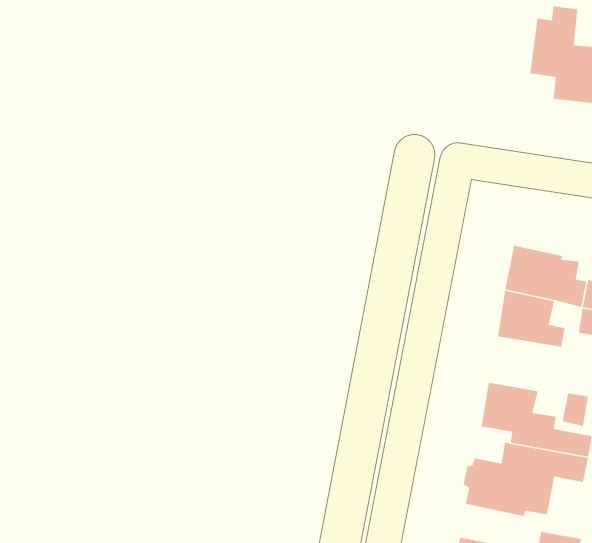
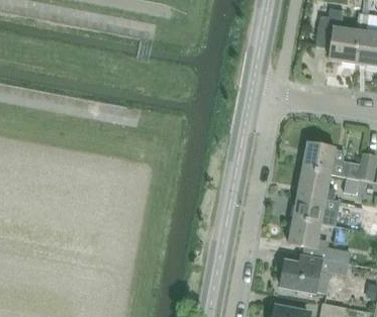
building: none -> [292,194,339,226]

